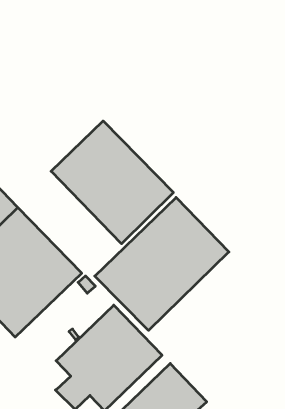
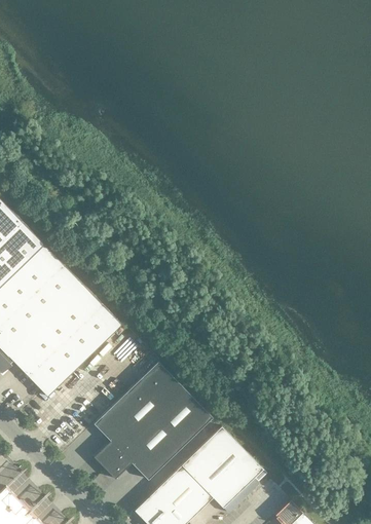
building: [51,121,173,244] -> none
building: [95,197,229,330] -> none

